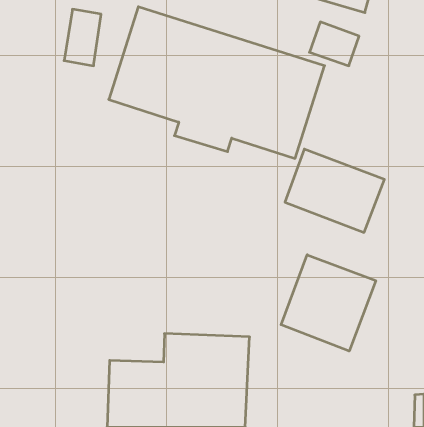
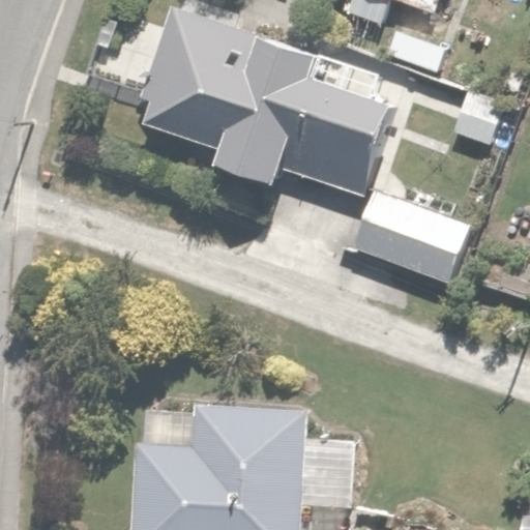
building: [281,255,376,351] -> none

